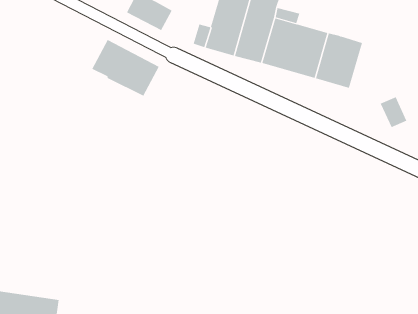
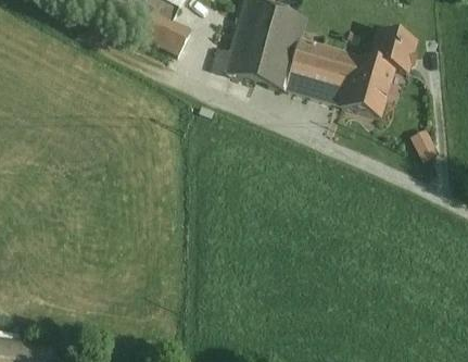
building: none -> [369,24,415,70]
building: [92,39,160,97] -> none

